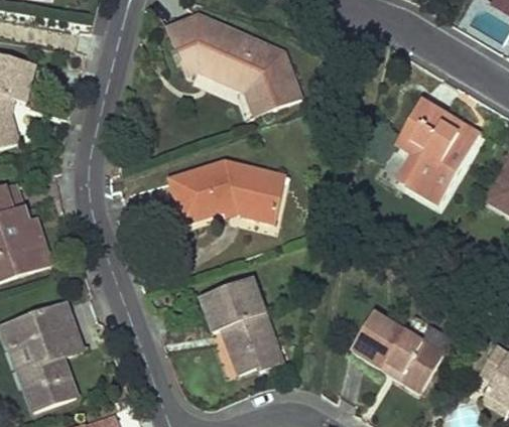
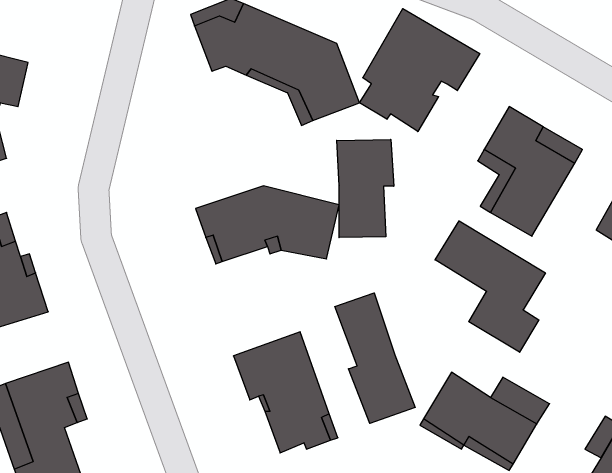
building: none -> [359,9,480,132]
building: none -> [337,139,394,238]
building: none -> [435,221,545,352]
building: none -> [335,293,415,423]

